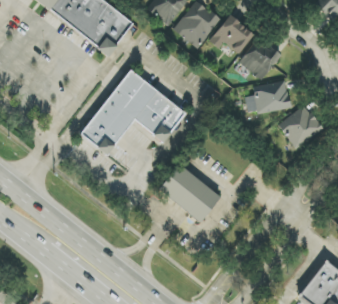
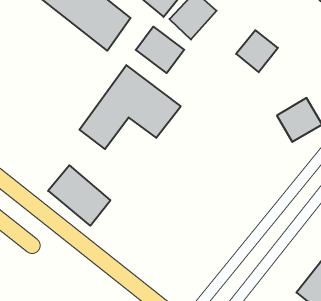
building: [208,14,253,53] -> none
building: none -> [136,27,184,73]
building: [245,81,289,113] -> none
building: [156,163,217,222] -> [48,165,110,226]

